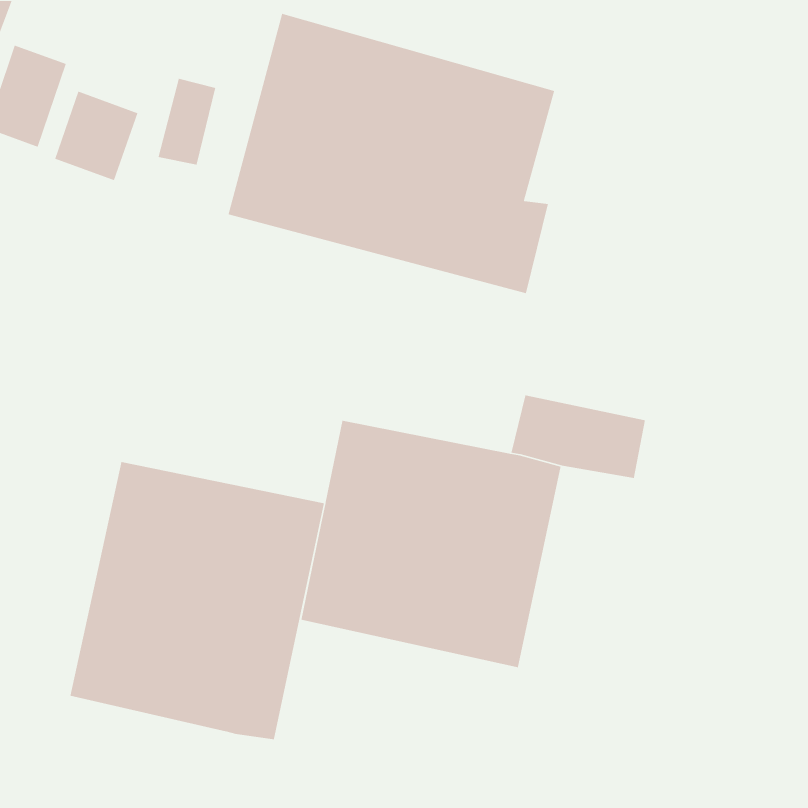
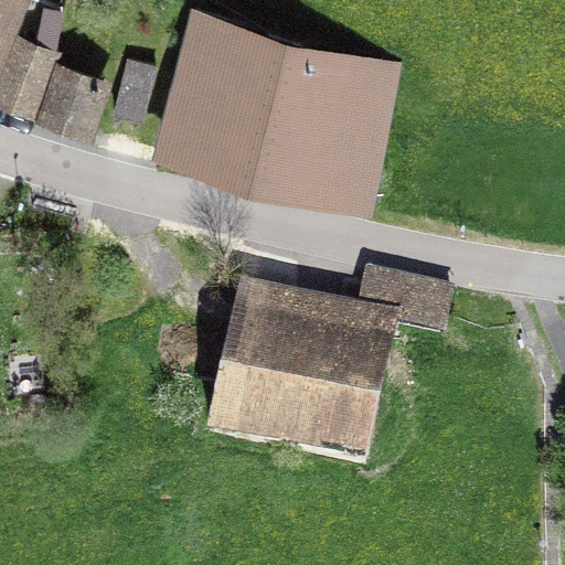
building: [70,461,325,740] -> none

